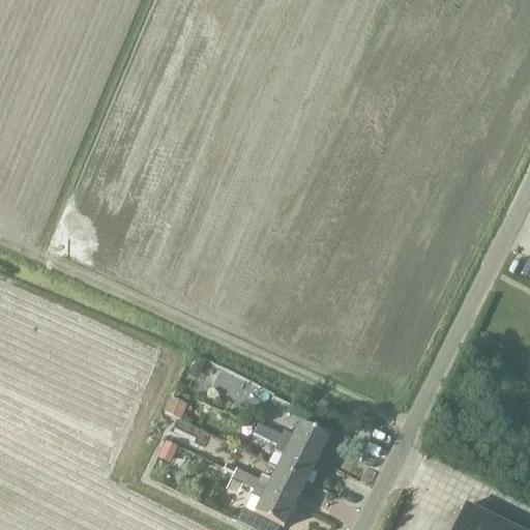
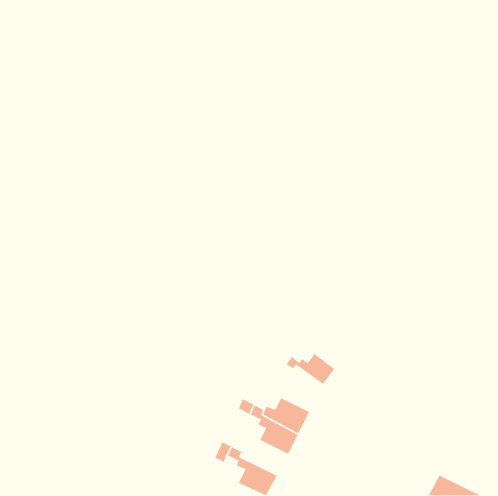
building: none -> [285,353,335,385]
building: [256,466,307,503] -> none

